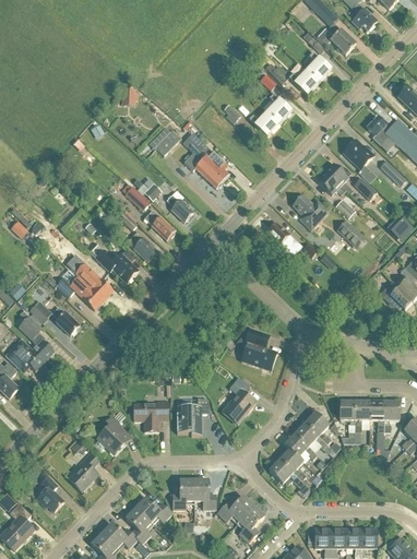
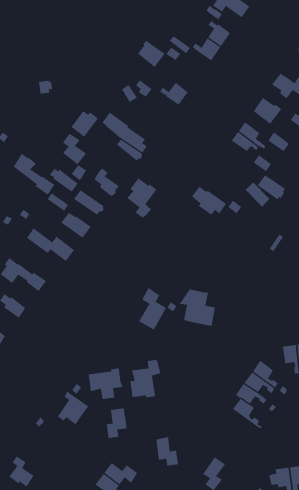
building: [262,93,291,123] -> [137,40,165,68]
building: none -> [62,133,87,165]
building: [293,194,327,229] -> none
building: none -> [126,177,157,219]
building: [71,251,112,299] -> [13,153,55,195]
building: [223,377,254,423] -> [138,287,167,330]
building: [68,452,98,490] -> none
building: [269,459,309,495] -> none
building: [172,479,194,509] -> [106,408,127,438]
building: [217,496,253,522] -> none

